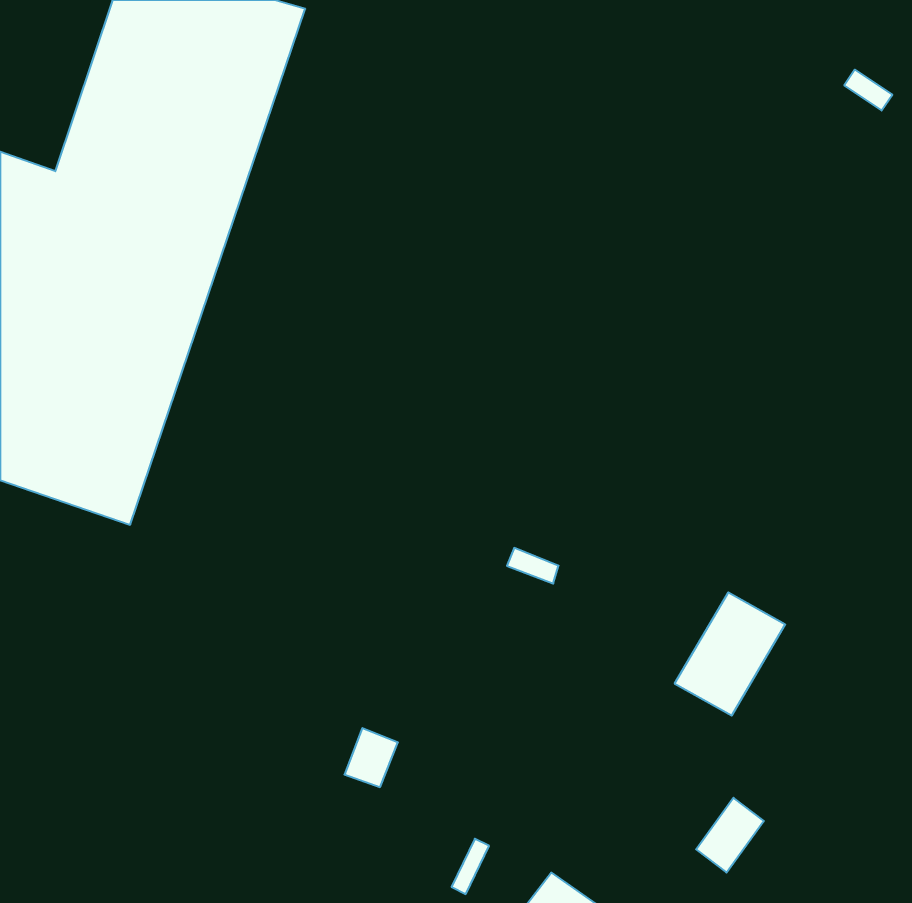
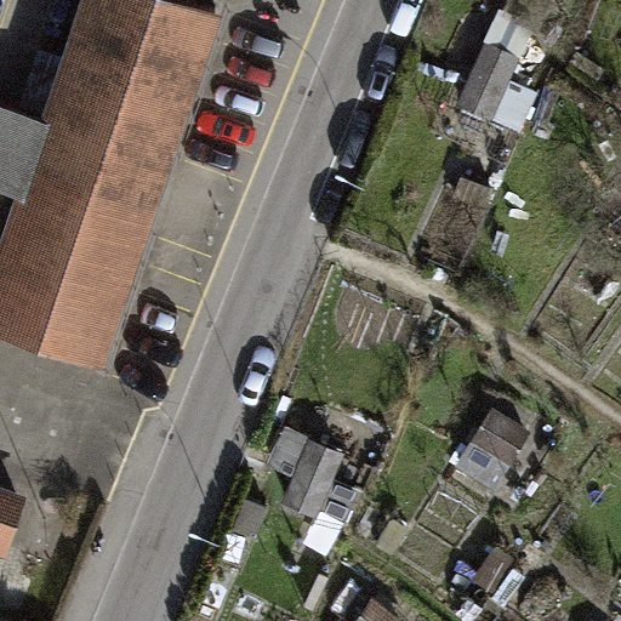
building: none -> [458,16,541,136]
building: none -> [270,427,363,526]

